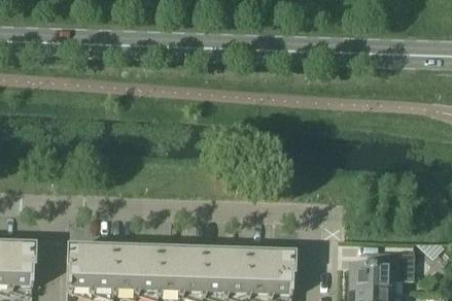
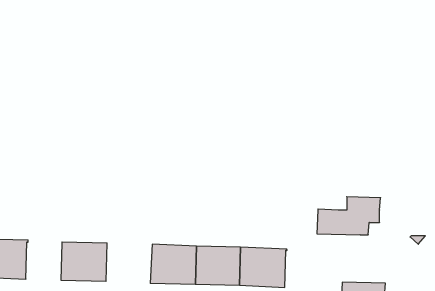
building: [113,249,160,290] -> none
building: [350,252,414,290] -> [317,197,381,235]

